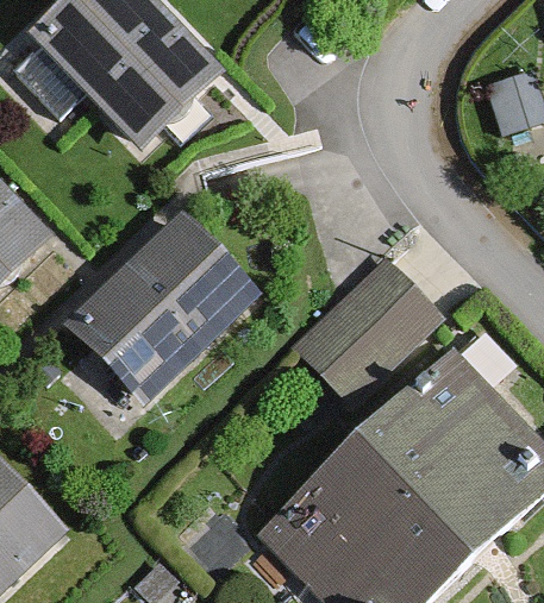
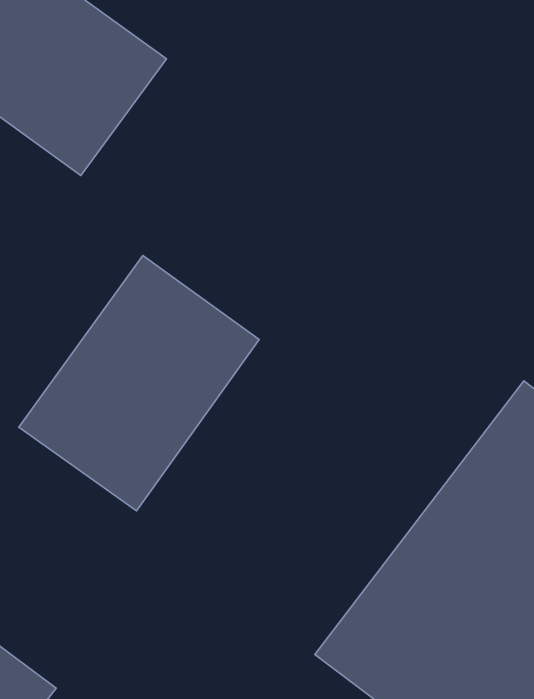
building: [292,259,440,407] -> none

